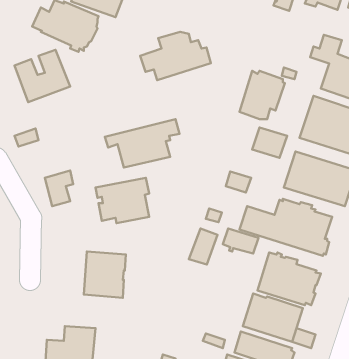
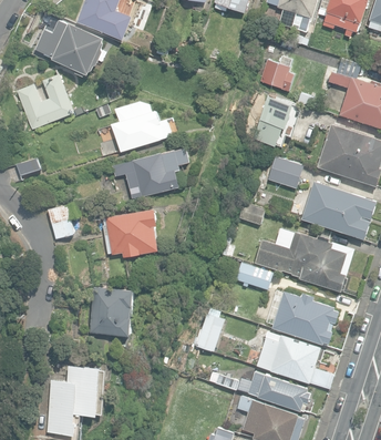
building: [140,32,211,80] -> [97,103,172,154]
building: none -> [259,55,295,92]
building: [189,229,217,264] -> [195,314,225,351]

